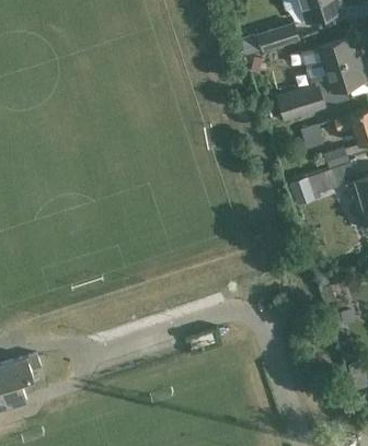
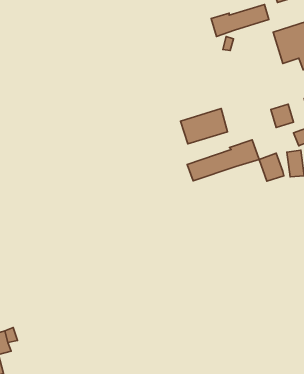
building: [276,84,324,120] -> [180,108,227,144]
building: none -> [187,140,259,181]

